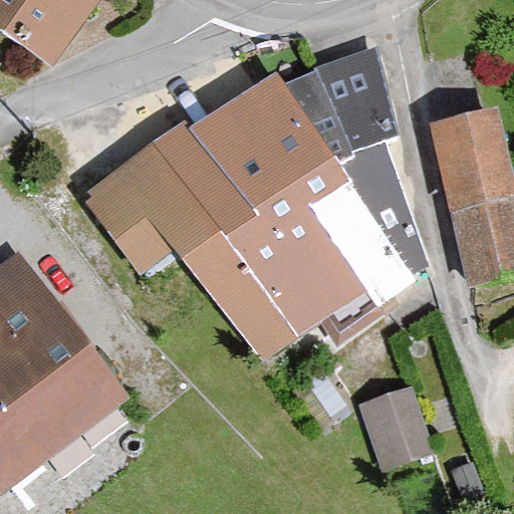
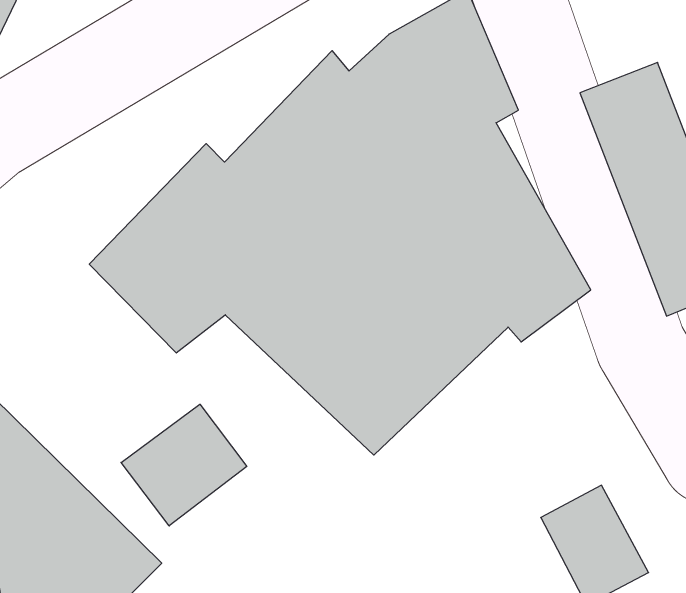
building: none -> [121,404,247,526]

